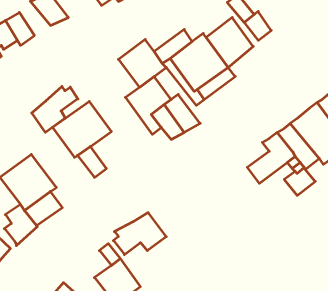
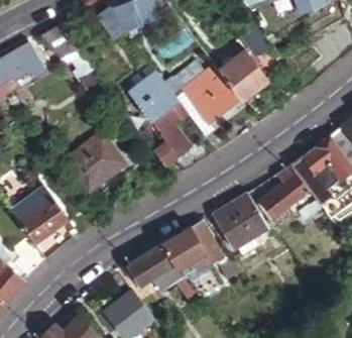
building: [32,86,78,132] -> none
building: none -> [213,194,266,248]
building: none -> [160,223,222,277]

